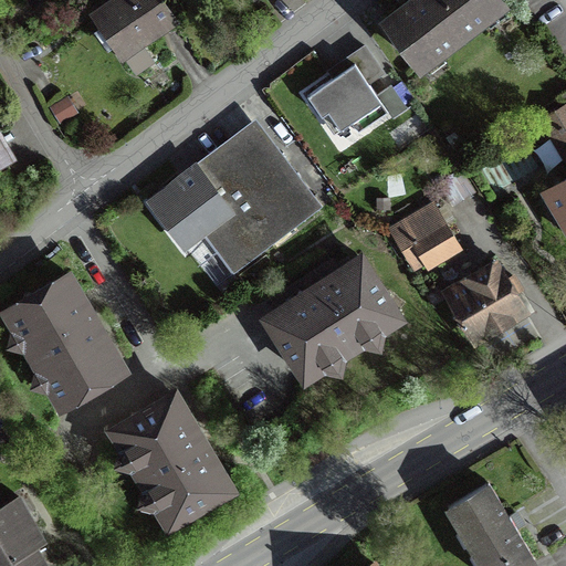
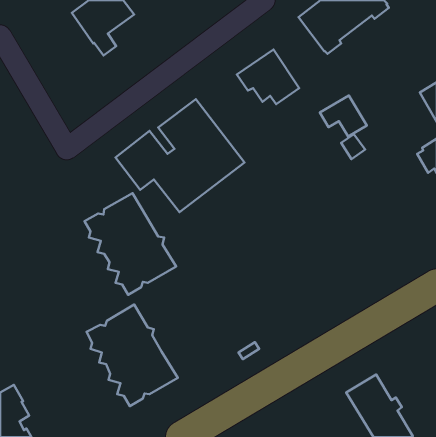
building: [394,209,454,262] -> [320,95,367,136]
building: [271,259,398,377] -> none
building: [449,261,524,339] -> none
building: [6,274,124,406] -> [85,193,176,295]

